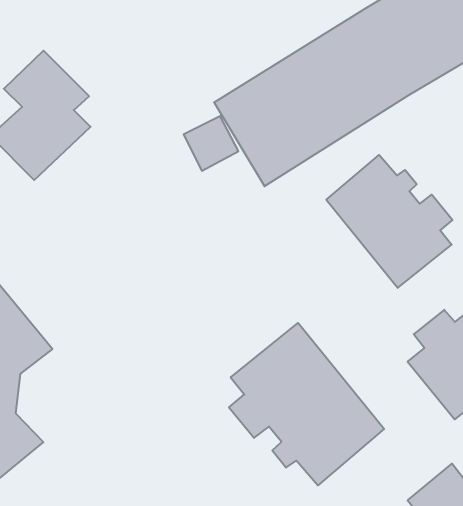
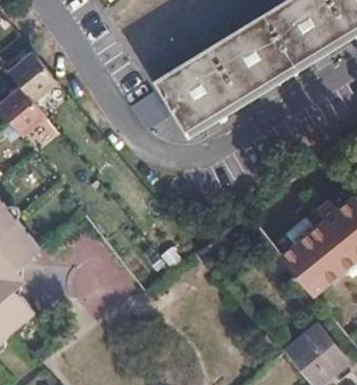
building: [326,155,452,288] -> none
building: [229,323,384,485] -> none

